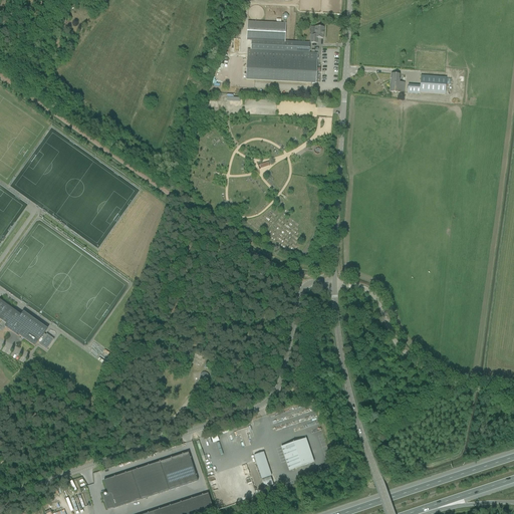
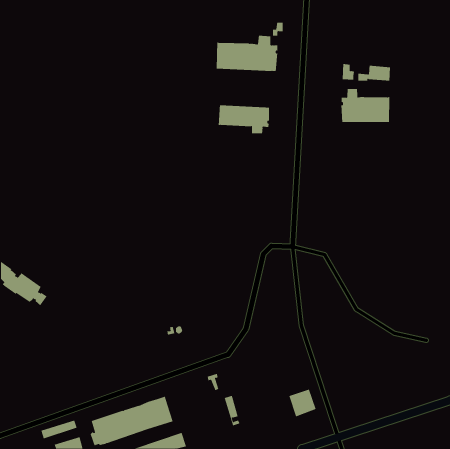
building: [246,20,286,49] -> none
building: none -> [341,88,390,123]
building: none -> [218,105,269,134]
building: [281,437,313,469] -> [288,389,317,417]

